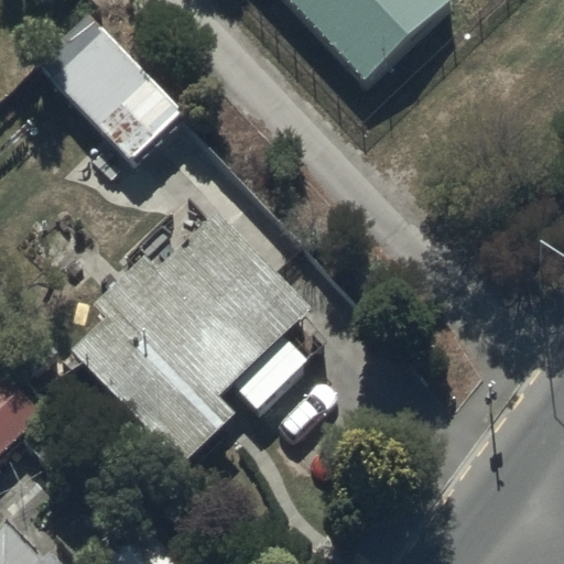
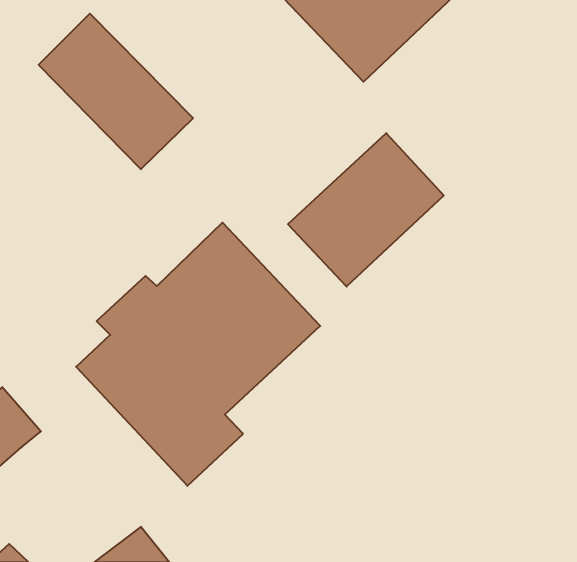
building: none -> [288,133,444,287]

